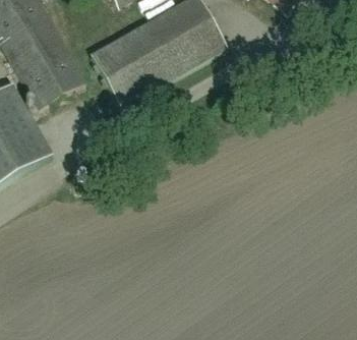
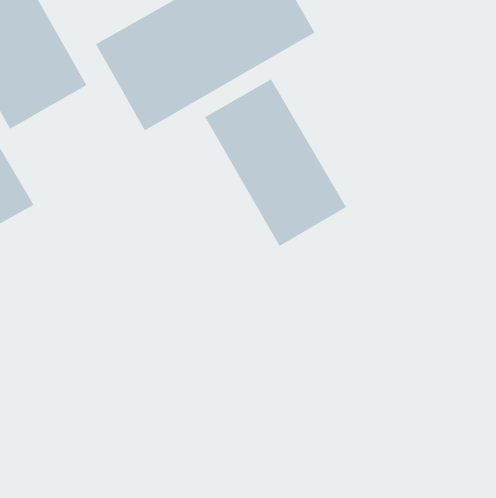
building: none -> [205,79,347,247]

